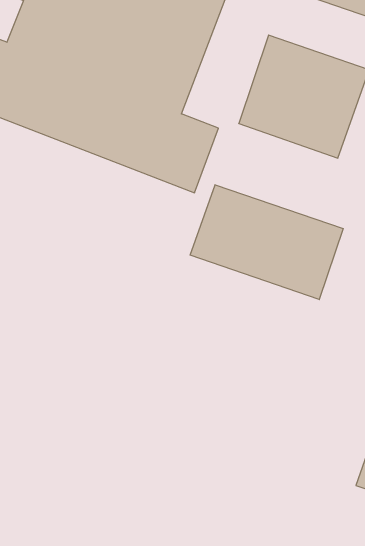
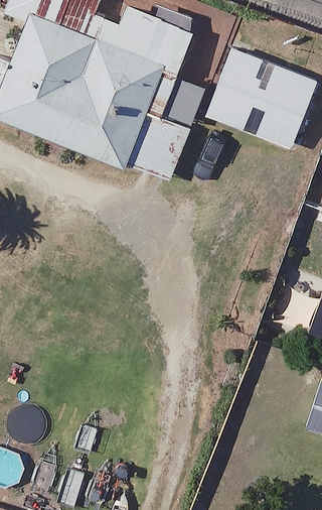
building: [190,185,343,300] -> none

